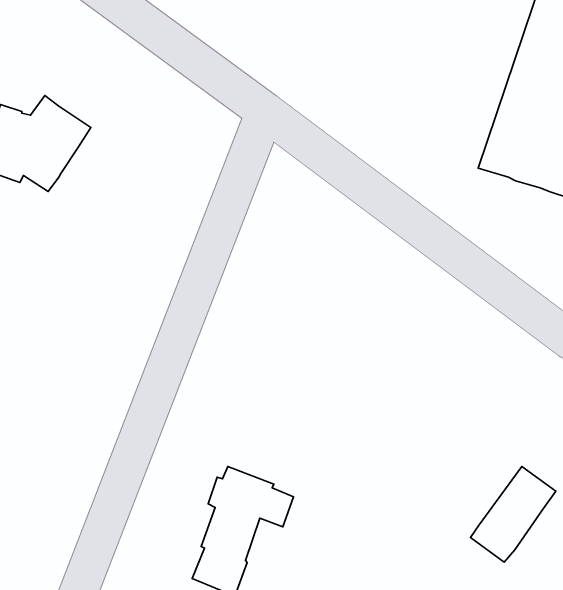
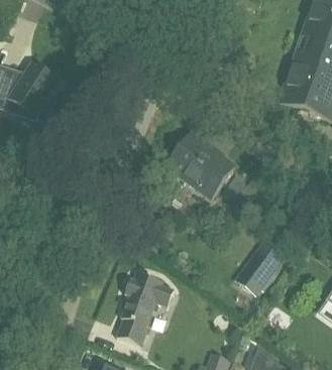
building: none -> [165,131,235,198]
building: [470,466,556,562] -> [236,238,285,292]

